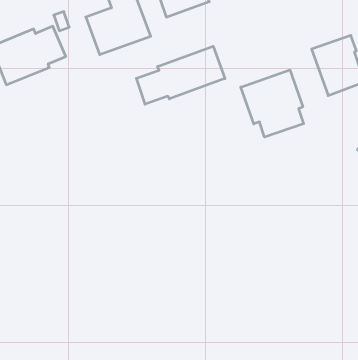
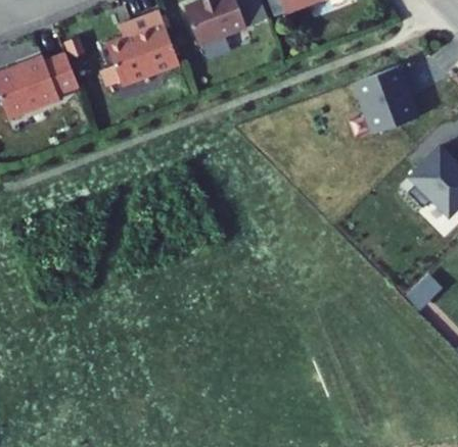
building: [136,46,225,104] -> none
building: [241,70,304,137] -> none

